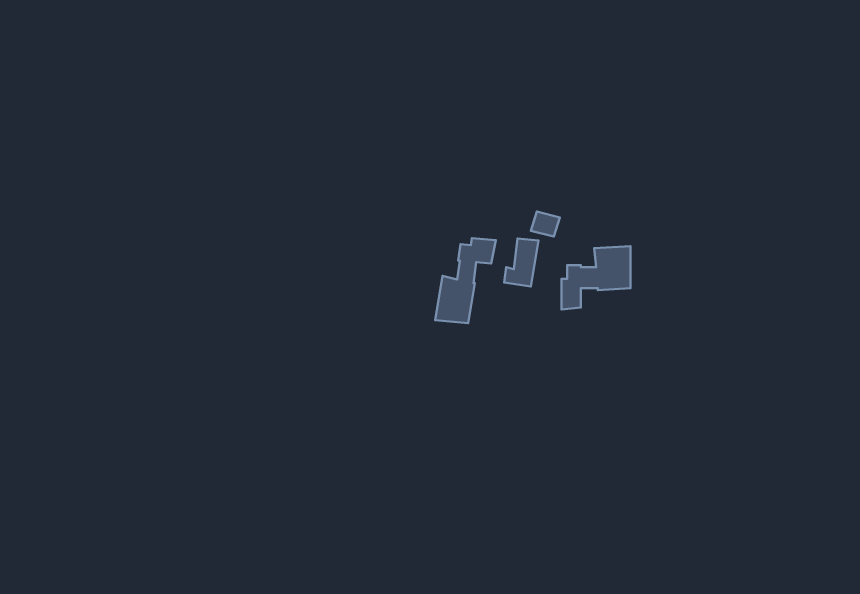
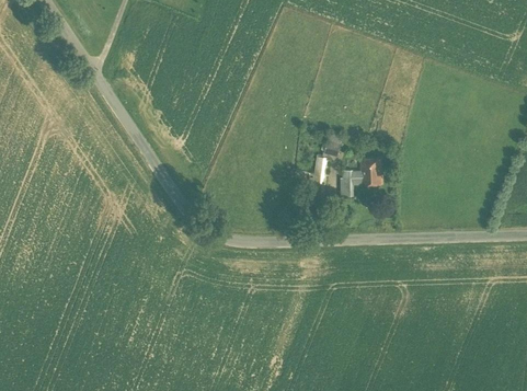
building: [435,238,496,323] -> none

